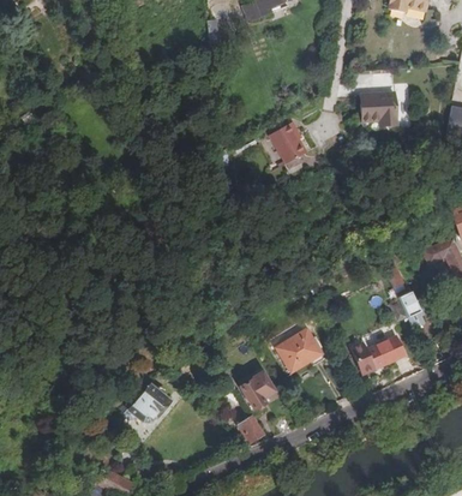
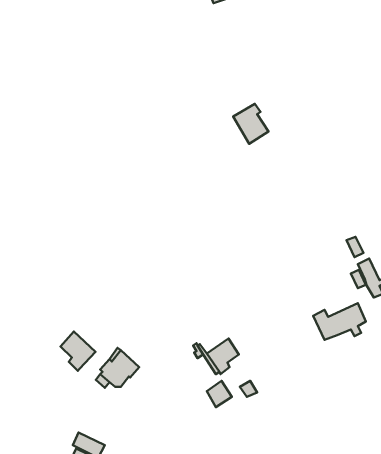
building: [360,95,396,129] -> none
building: [276,327,325,370] -> none
building: none -> [61,332,95,371]

